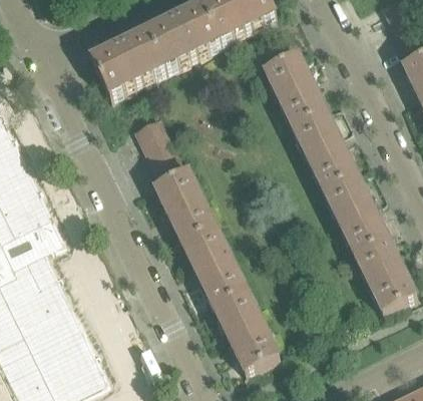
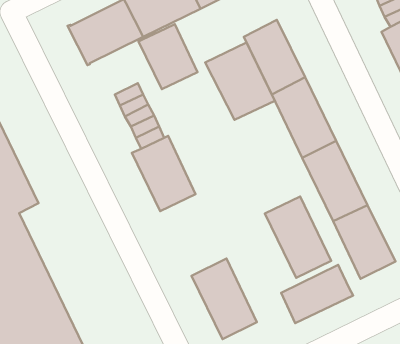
building: none -> [139,24,197,89]
building: none -> [205,43,275,120]
building: [182,228,249,309] -> [265,196,331,278]
building: none -> [281,265,353,323]

